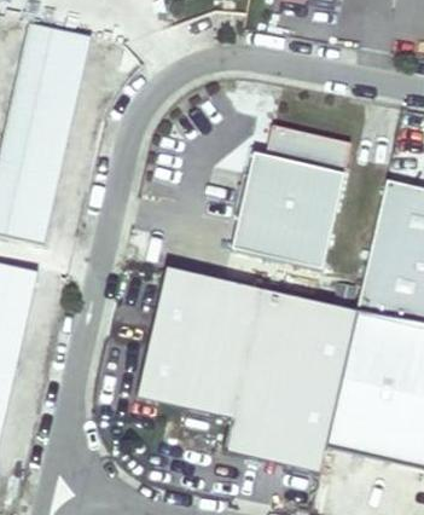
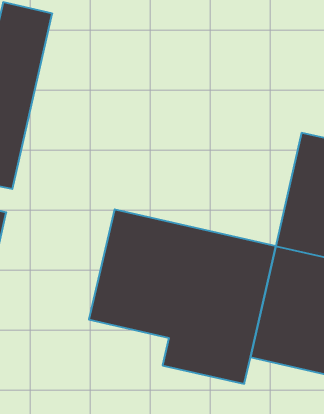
building: [230,127,349,271] -> none

